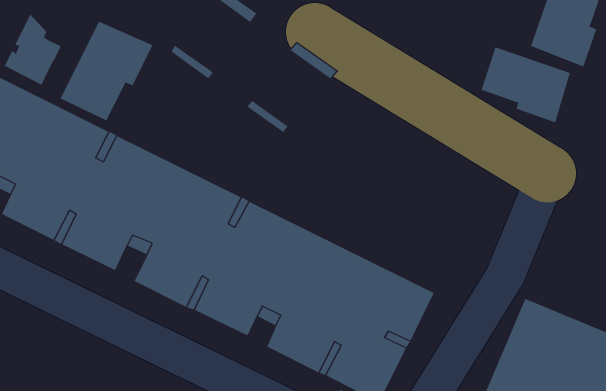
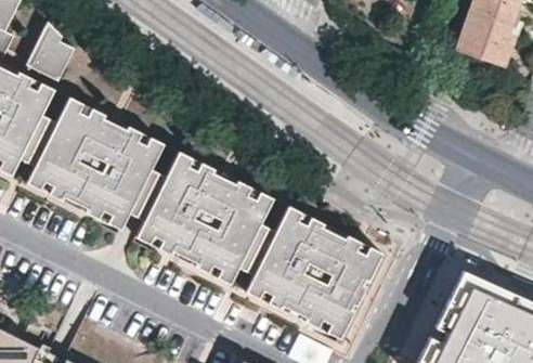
building: [60,21,153,121] -> none
building: [481,46,570,123] -> none

